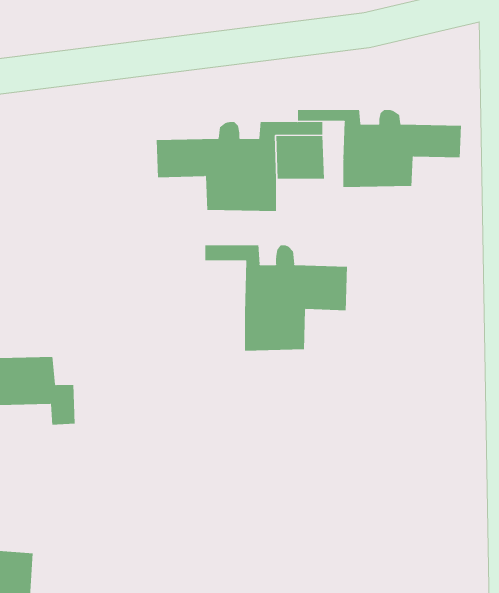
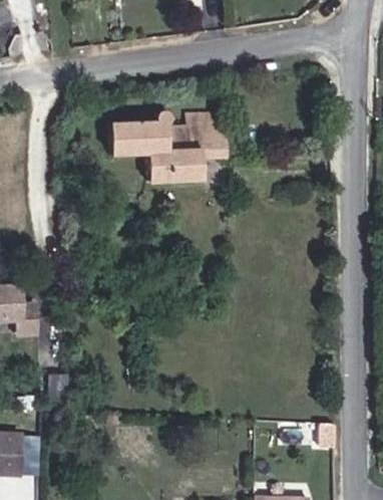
building: [297,109,462,188] -> none
building: [205,244,348,351] -> none

